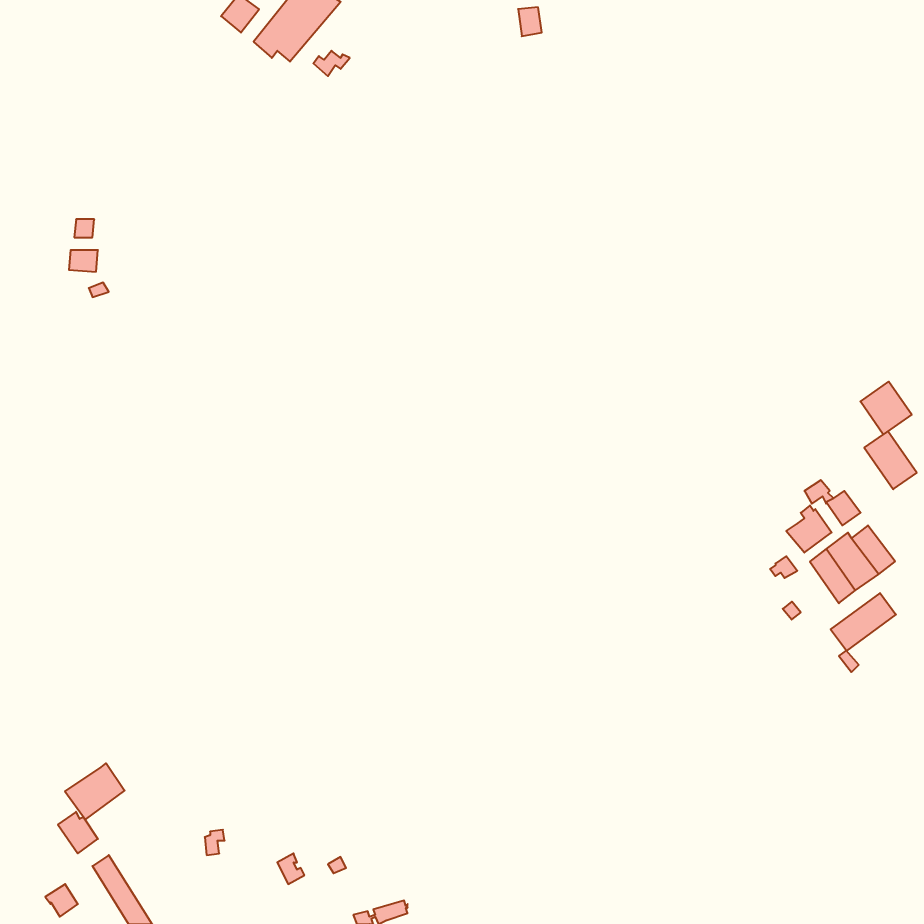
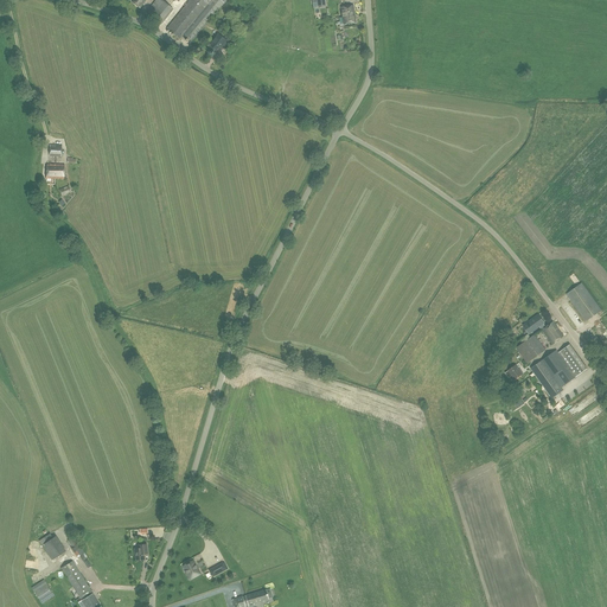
building: [860,382,912,434] -> none
building: [831,593,896,651] -> none
building: [65,763,125,820] -> none

